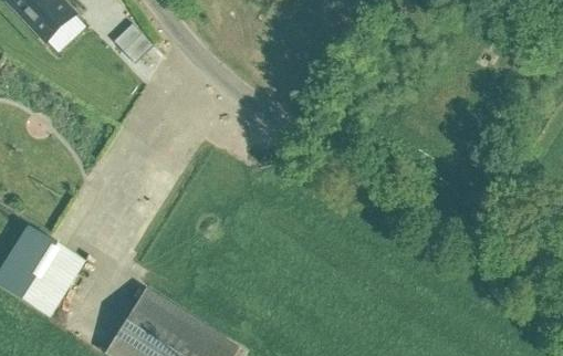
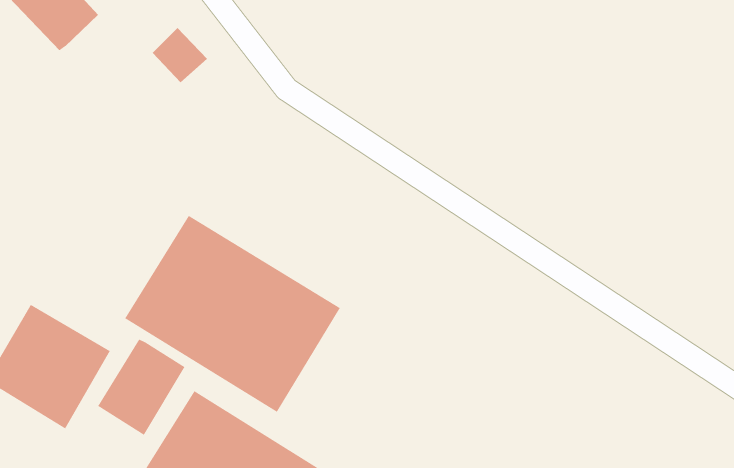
building: none -> [124,215,341,413]
building: none -> [97,339,186,436]

